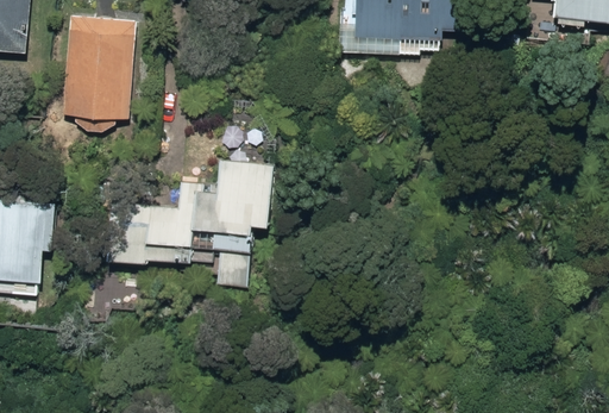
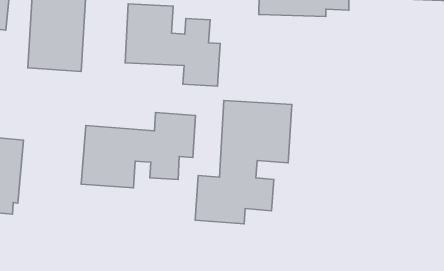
building: none -> [125,4,220,86]
building: none -> [195,101,292,224]

